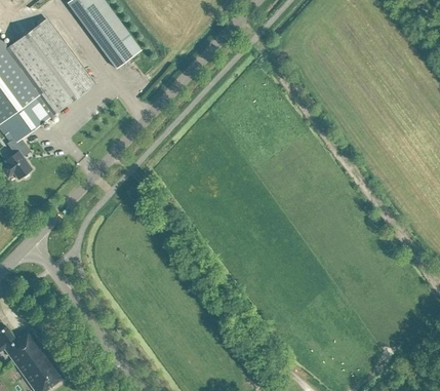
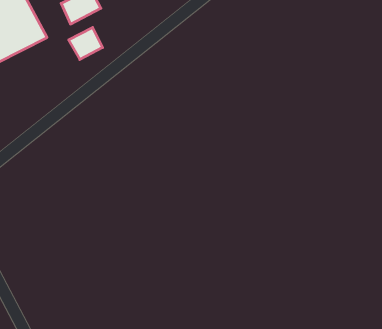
building: none -> [69,27,103,60]

